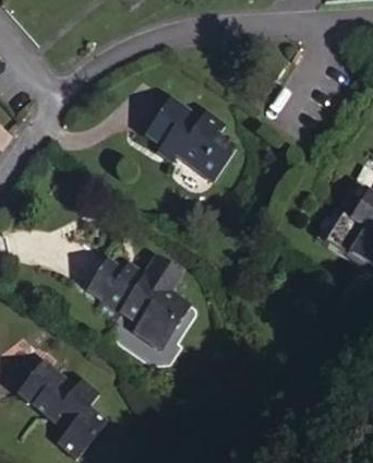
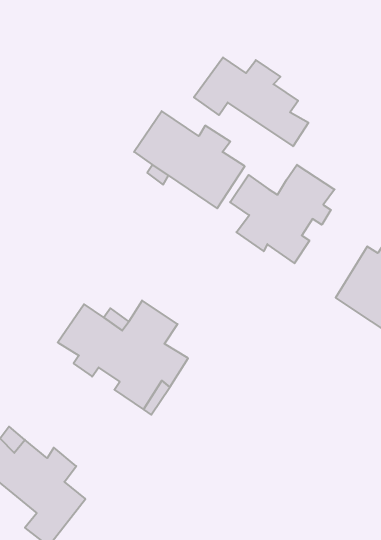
building: none -> [194,57,308,146]
building: none -> [230,165,335,263]

